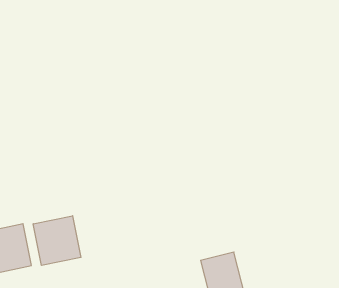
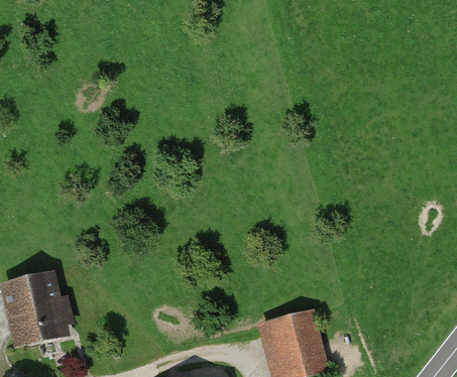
building: [33,216,81,265] -> none

